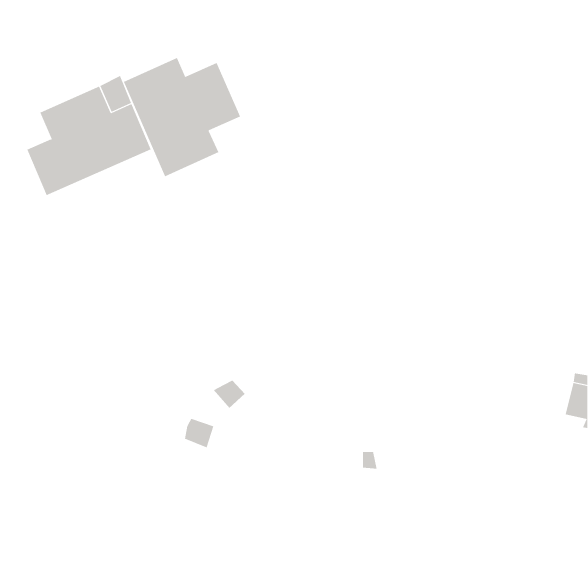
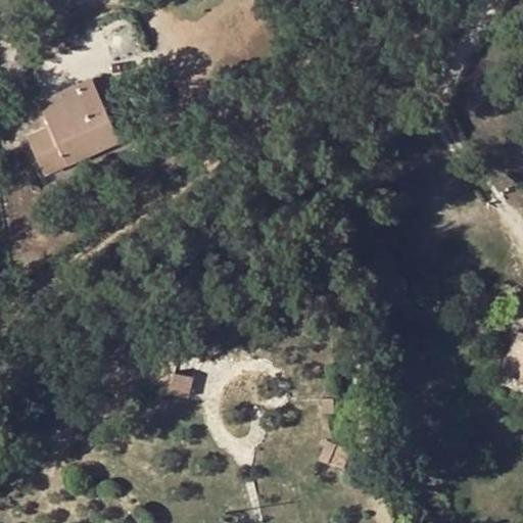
building: [123,57,241,177] -> none

